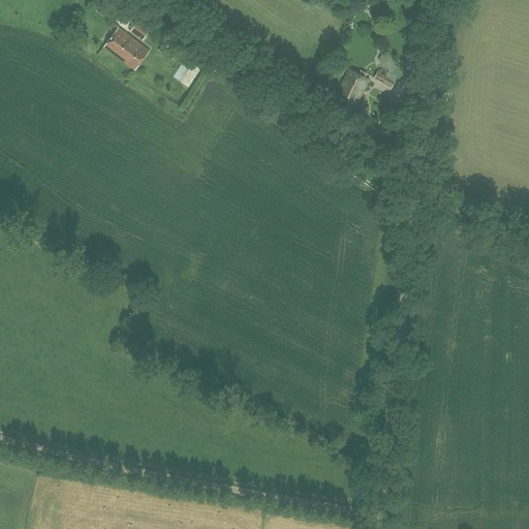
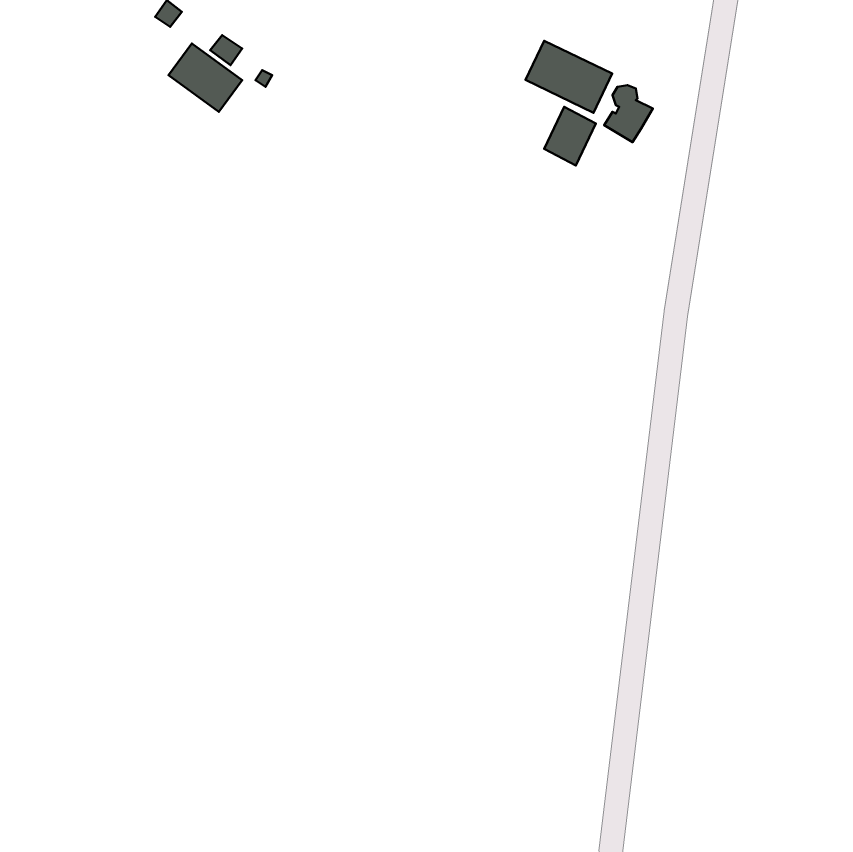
building: none -> [525,41,612,113]

